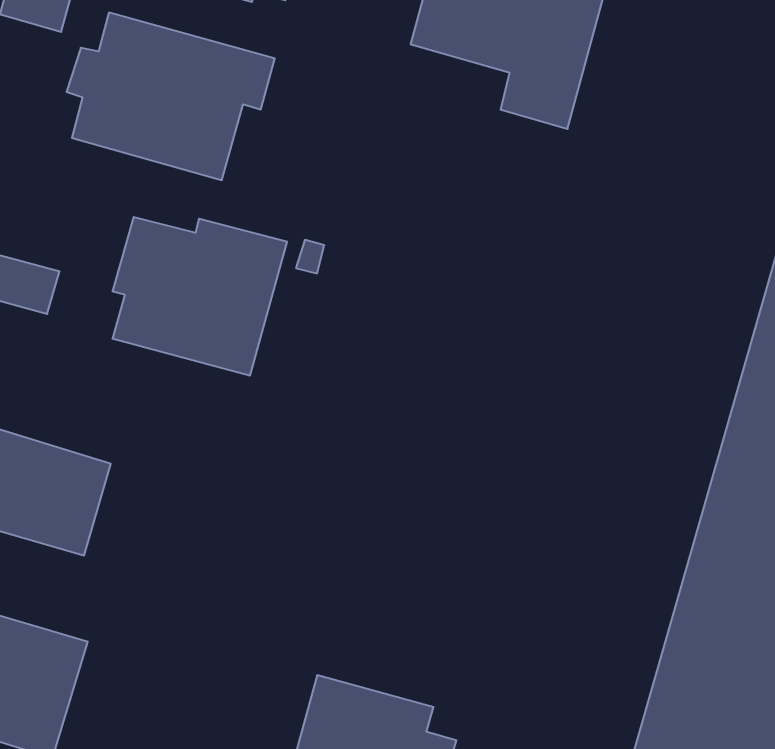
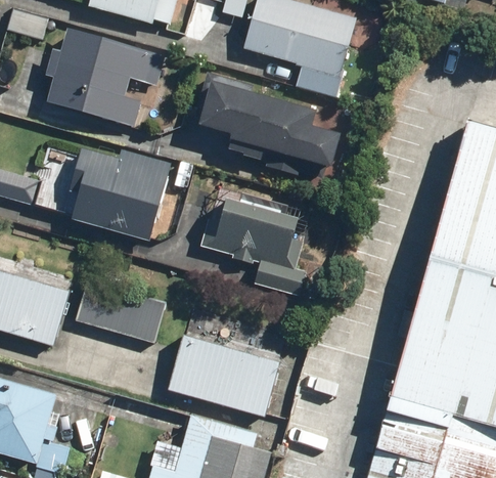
building: none -> [199,76,332,170]
building: none -> [200,198,307,296]
building: none -> [75,279,166,343]
building: none -> [169,335,280,417]

